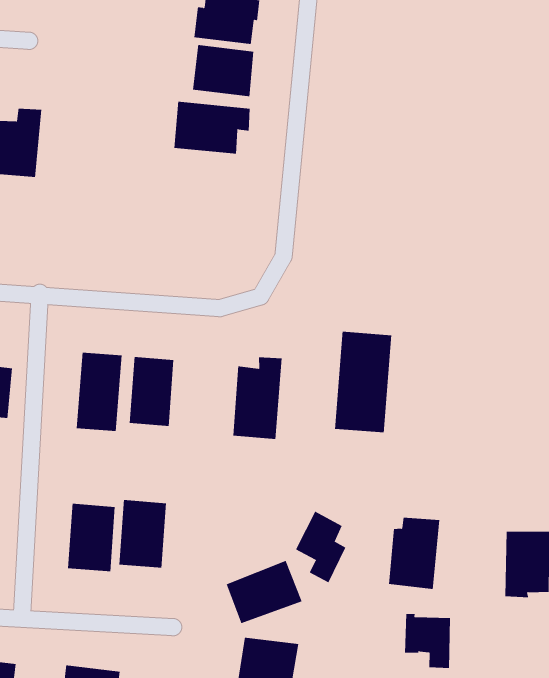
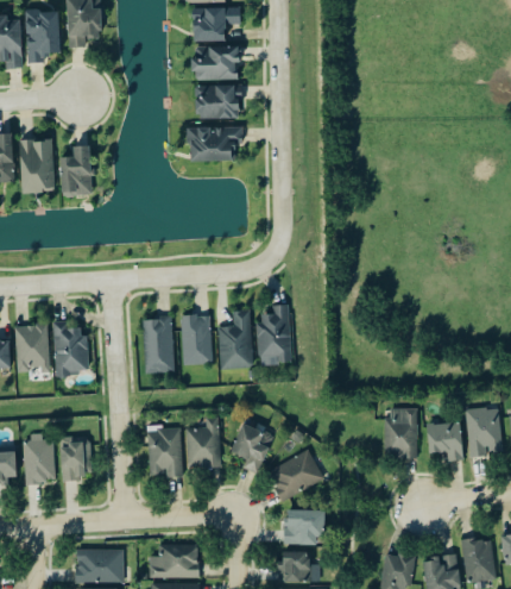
building: [334,331,392,433] -> none
building: none -> [217,311,252,369]
building: [295,511,346,583] -> [231,424,267,475]
building: [404,614,451,668] -> [425,422,462,460]

